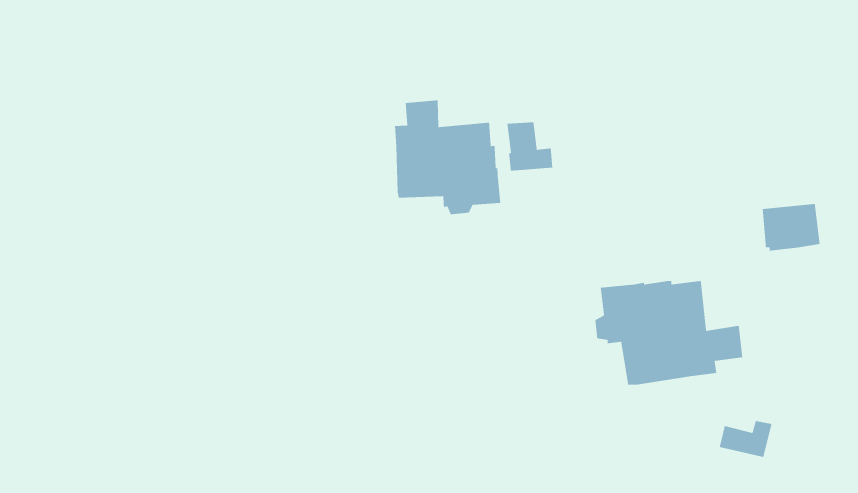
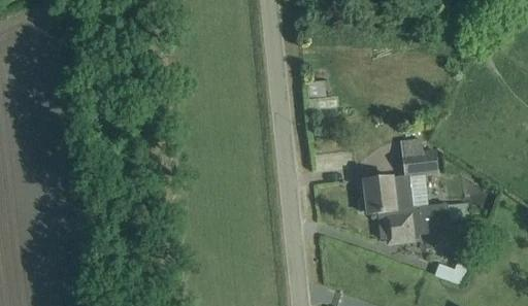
building: [394,100,501,215] -> none
building: [762,203,821,251] -> [402,148,437,177]

